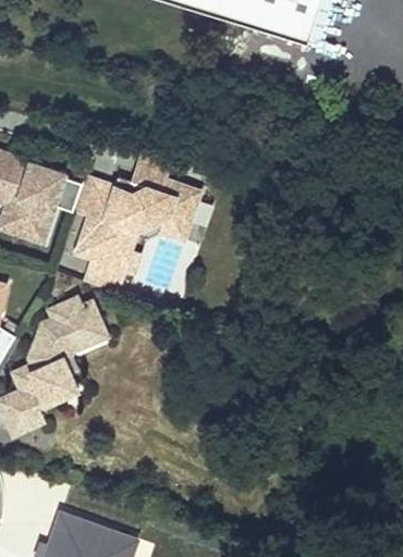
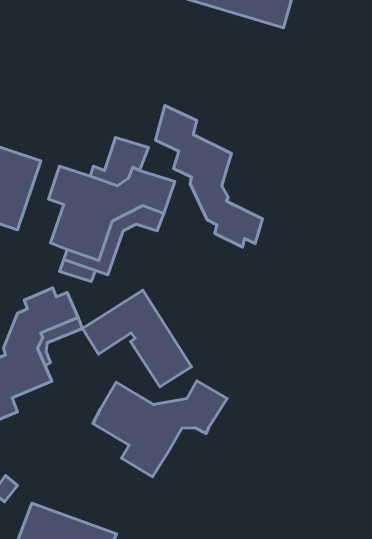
building: none -> [155,106,263,247]
building: none -> [82,290,192,387]
building: none -> [93,381,227,477]

